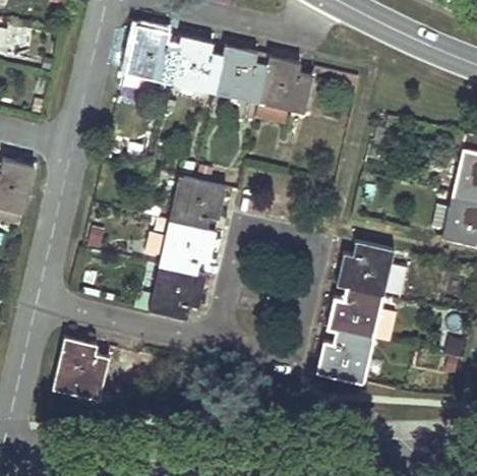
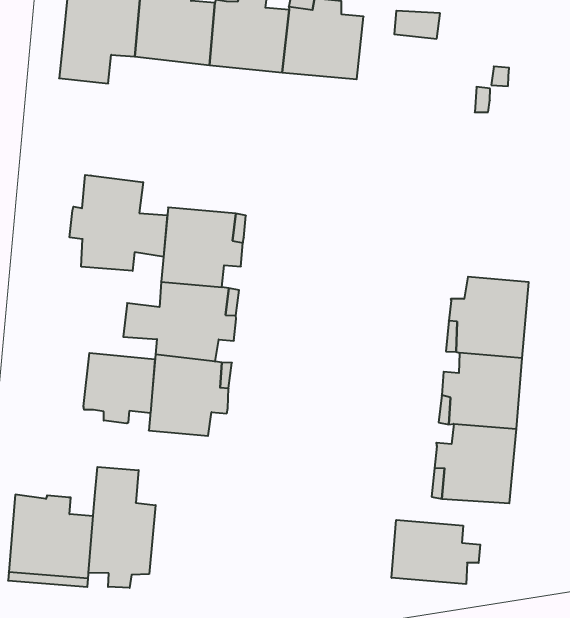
building: none -> [70,175,167,271]
building: none -> [84,353,155,423]
building: none -> [89,467,156,588]
building: none -> [392,520,480,584]

